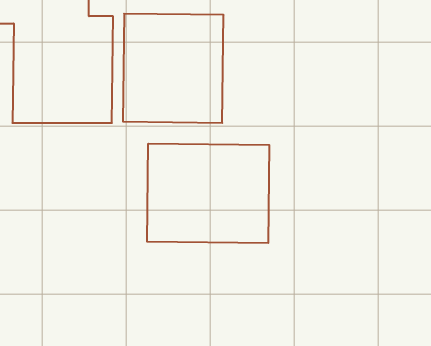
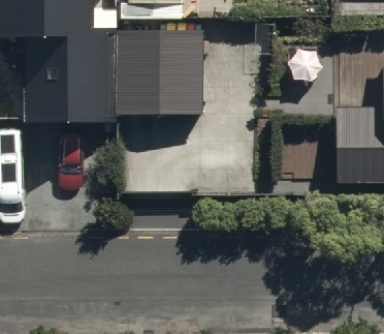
building: [147,144,269,243] -> none

